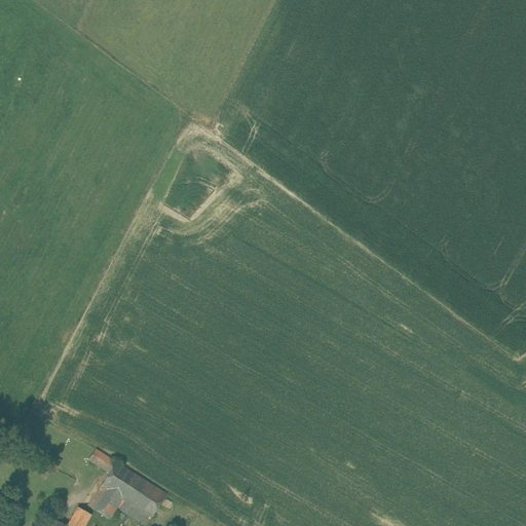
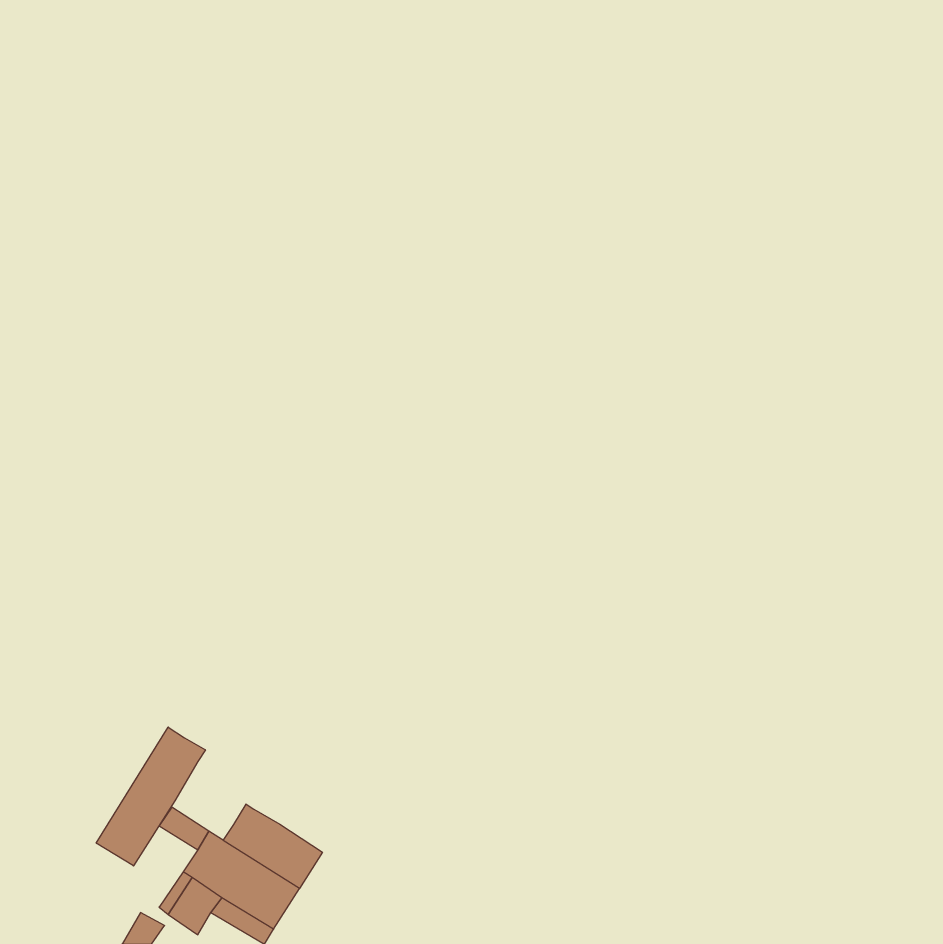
building: none -> [96,727,205,866]
building: none -> [223,804,322,889]

